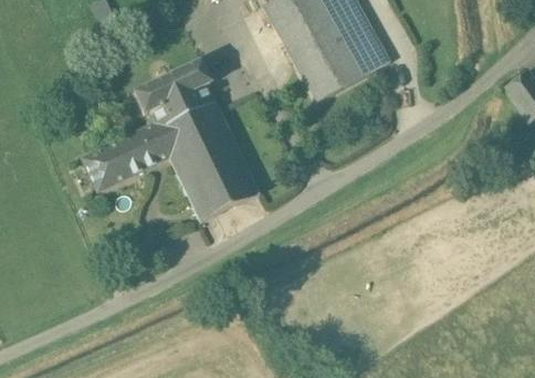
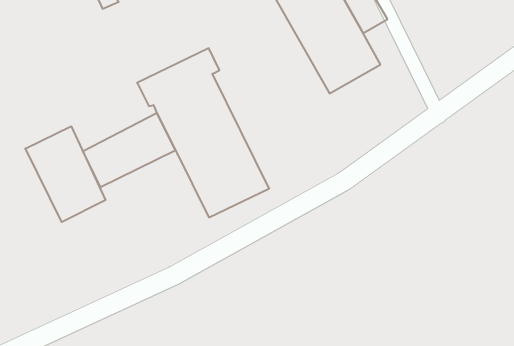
building: [349,31,389,74] -> none
building: none -> [25,126,105,222]

